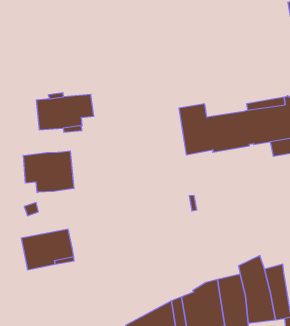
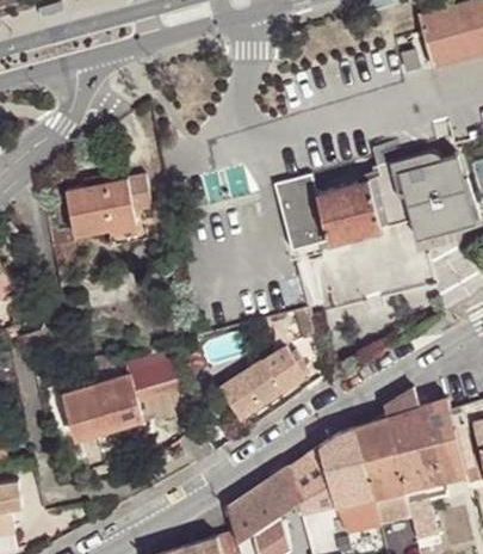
building: [23,151,74,193] -> none
building: none -> [221,334,323,418]
building: none -> [130,362,182,401]

